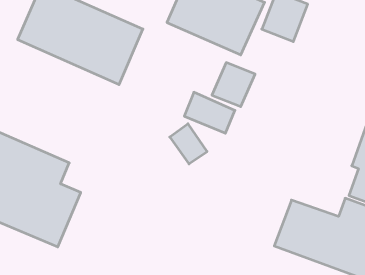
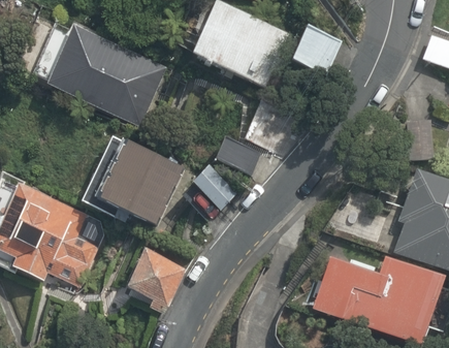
building: none -> [86,134,194,235]
building: none -> [117,242,183,305]

